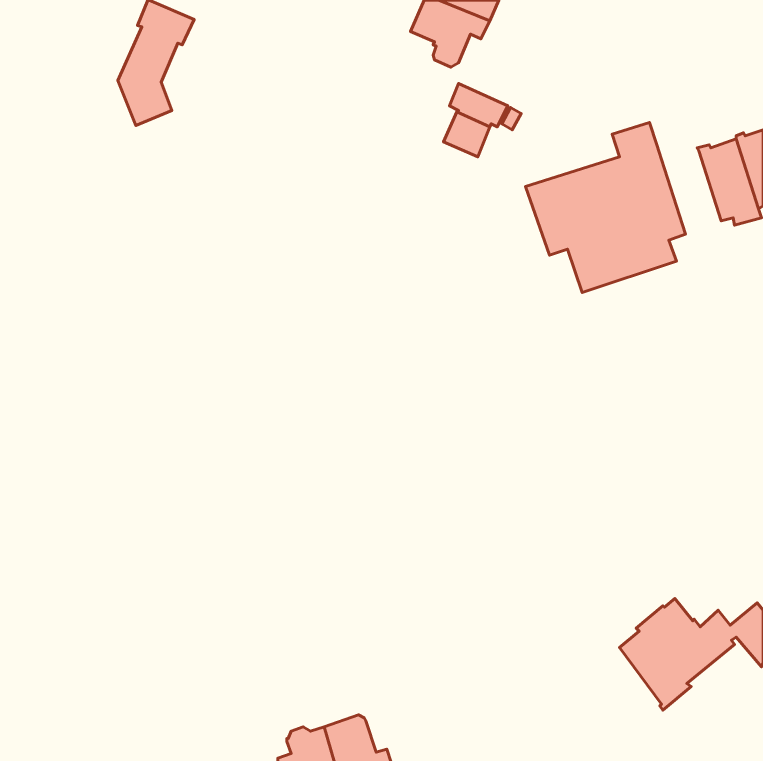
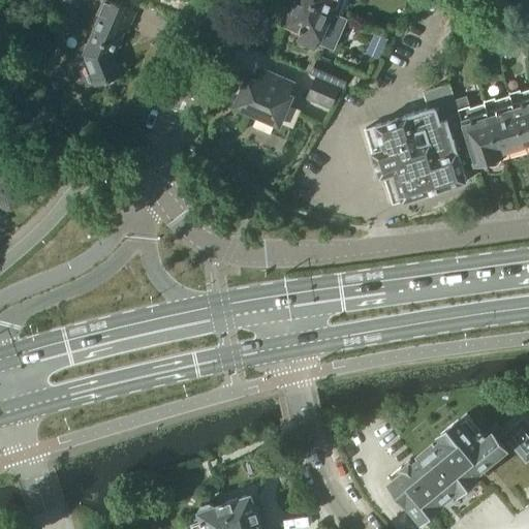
building: none -> [237,71,294,134]
building: none -> [455,97,500,168]
building: none -> [391,449,458,521]

